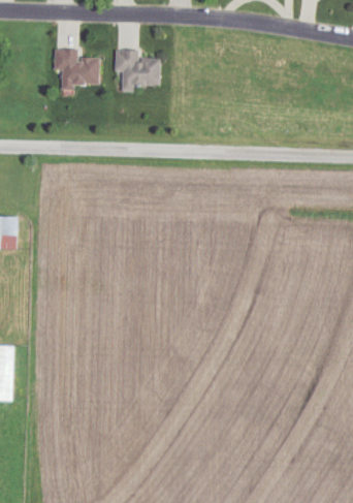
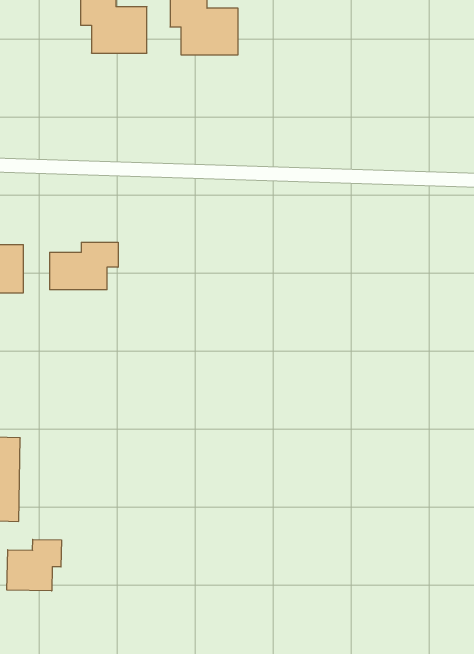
building: none -> [50,242,118,290]
building: none -> [7,539,61,591]

